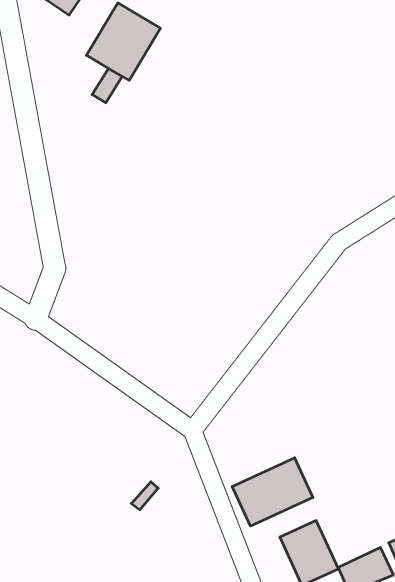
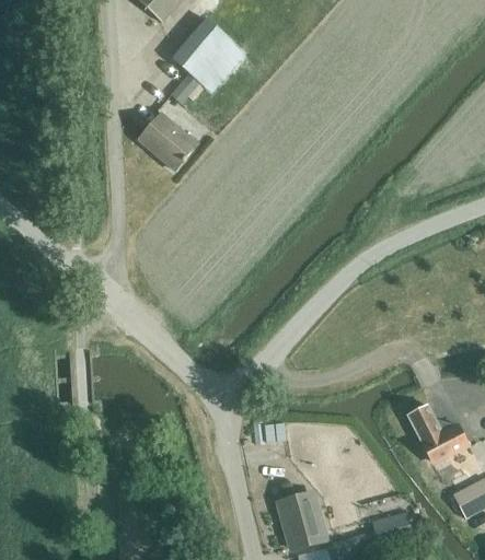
building: none -> [140,114,198,170]
building: [232,458,313,526] -> none

